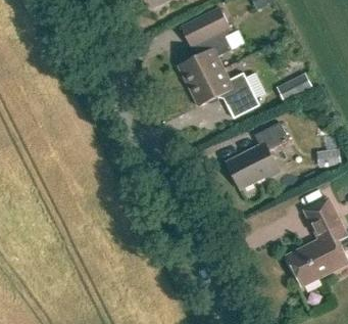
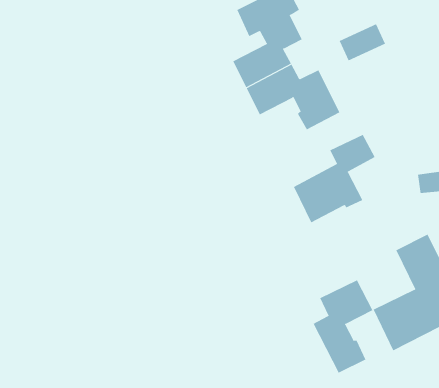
building: [278,74,313,102] -> [339,23,386,61]
building: none -> [313,279,373,373]

